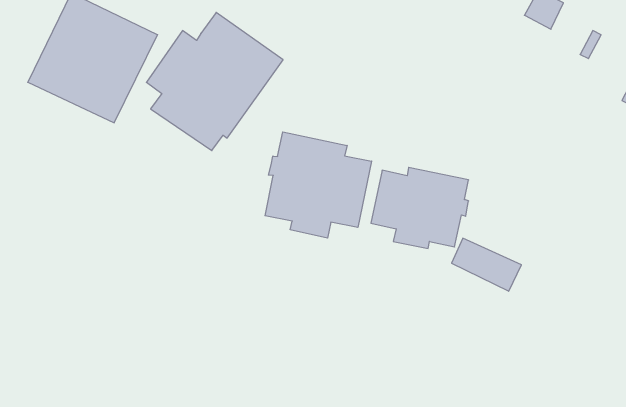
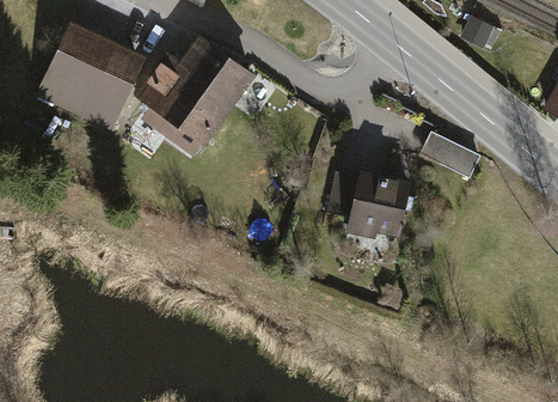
building: [265,132,372,238] -> none
building: [452,238,521,291] -> [421,132,480,177]

